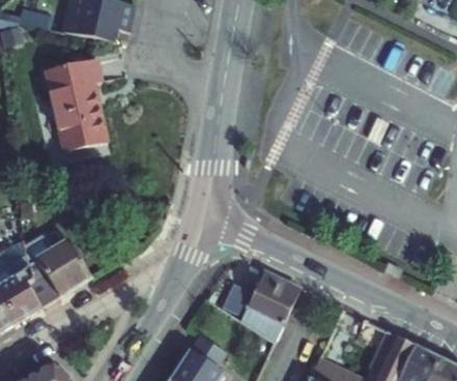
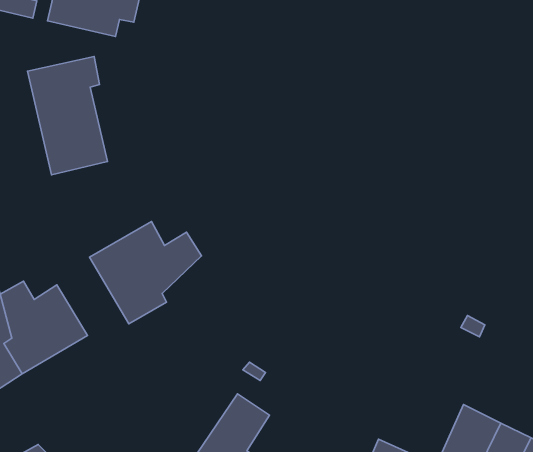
building: none -> [90,221,202,324]
building: [237,271,299,344] -> none

